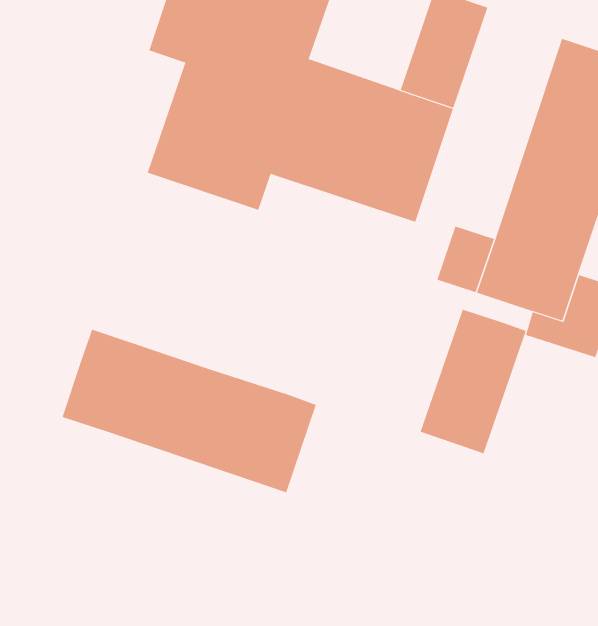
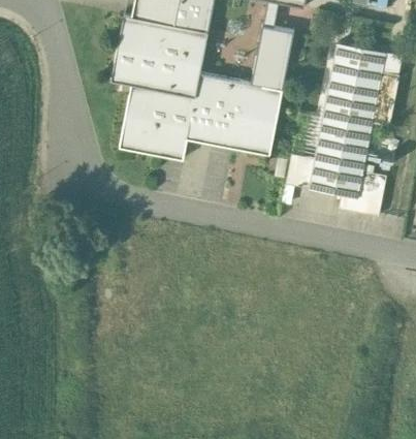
building: [420,309,526,454] -> none
building: [62,329,317,493] -> none

